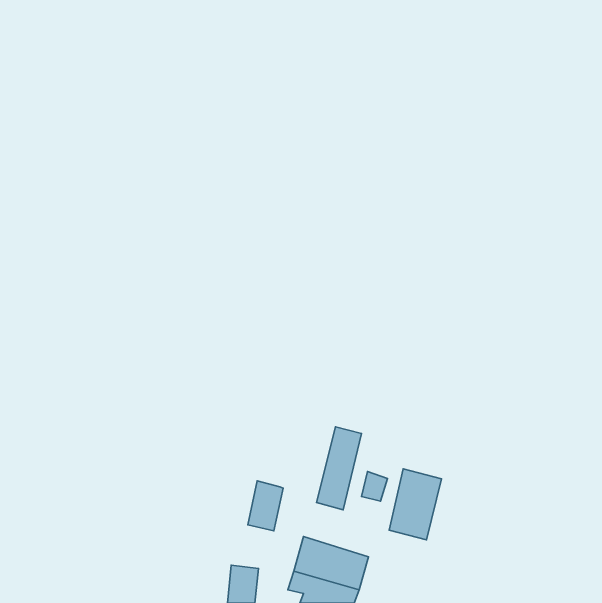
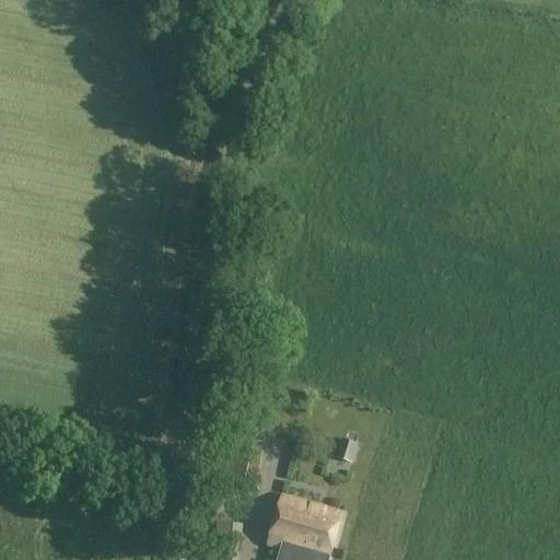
building: [317,427,361,510] -> none
building: [389,469,442,540] -> none

